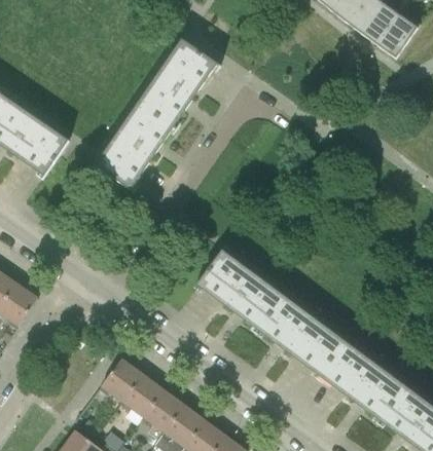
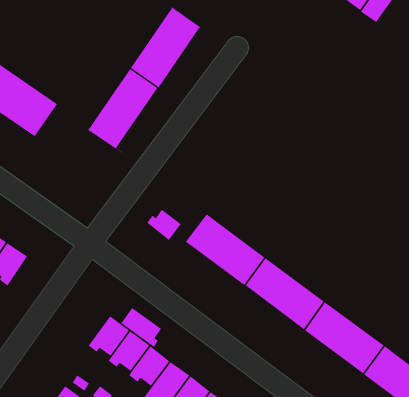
building: none -> [147,209,181,241]
building: none -> [120,307,162,348]

